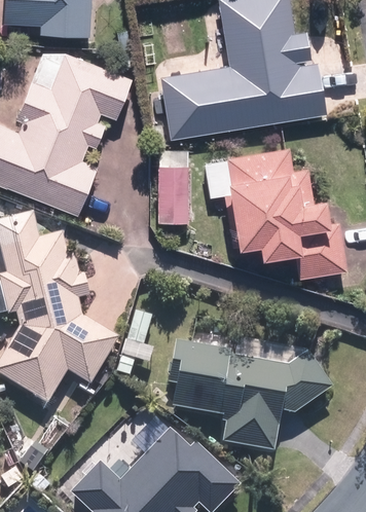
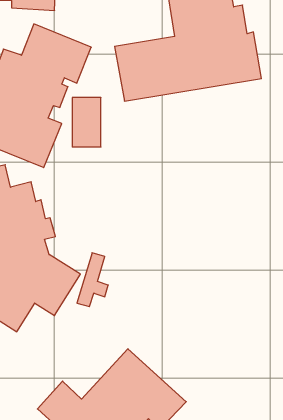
building: [223,147,345,277] -> none
building: [156,164,189,221] -> [72,98,101,147]
building: [167,340,333,450] -> none

